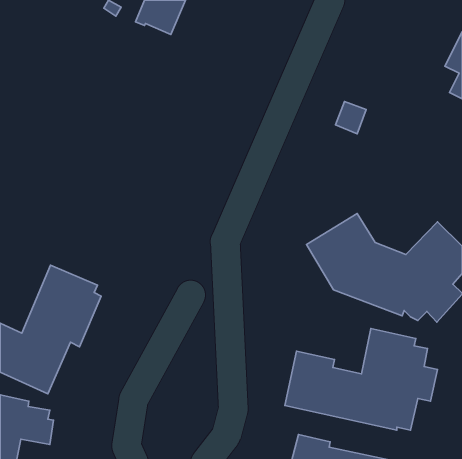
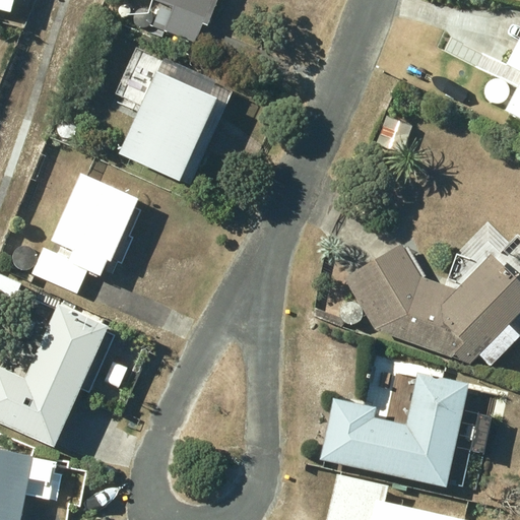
building: none -> [119,57,217,180]
building: none -> [31,172,139,294]

